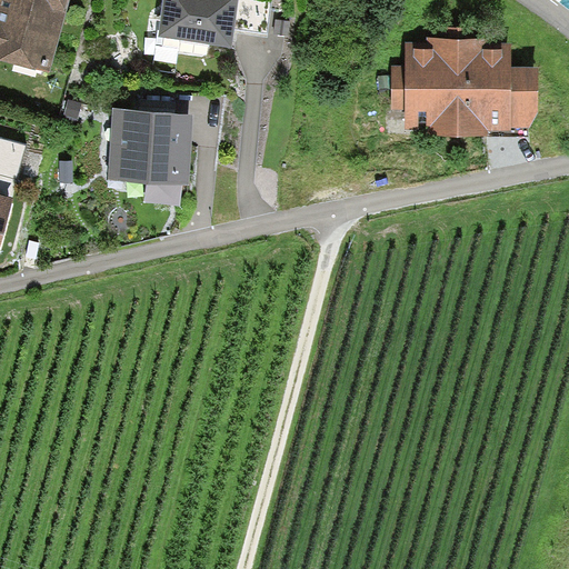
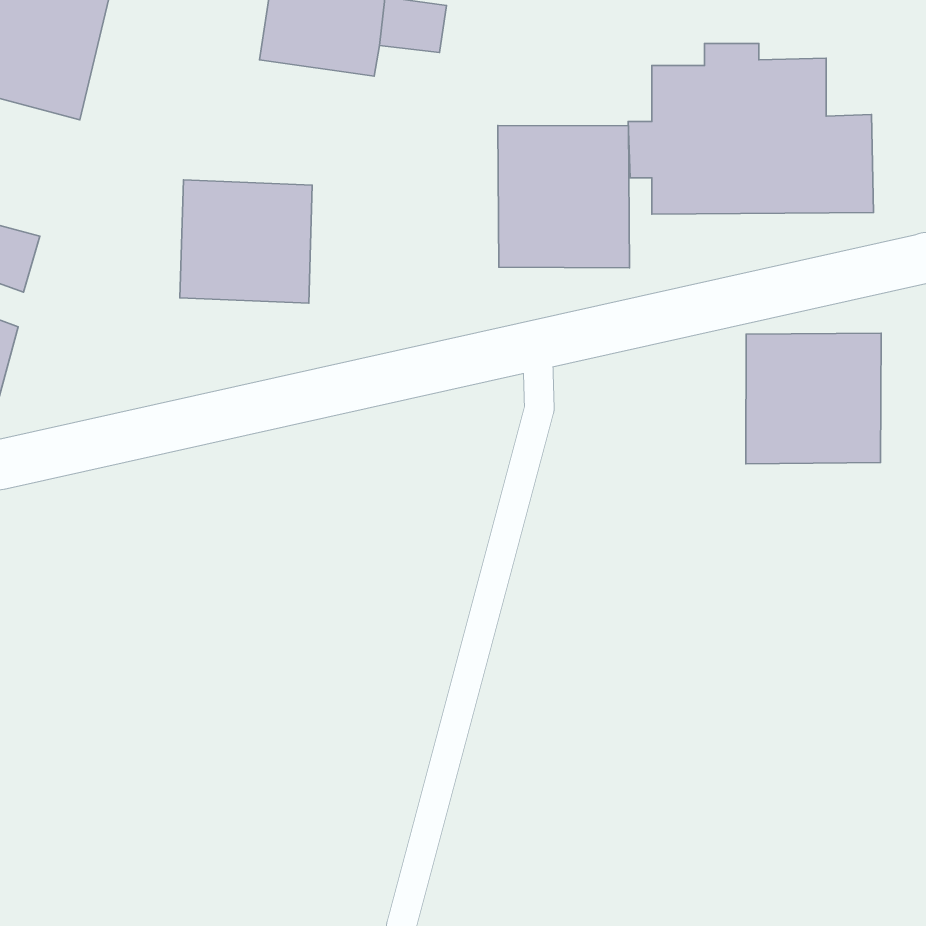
building: none -> [498,125,630,268]
building: none -> [746,333,881,464]

